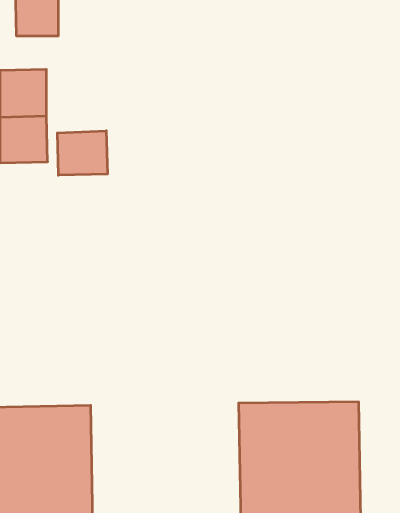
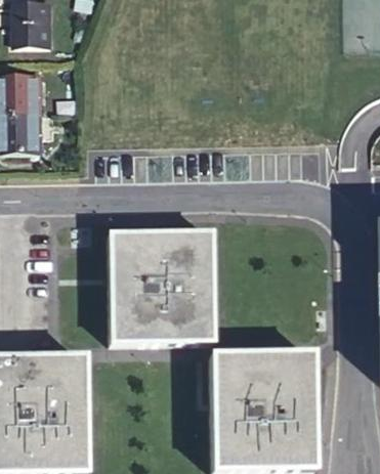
building: [57,131,107,175] -> none
building: none -> [107,228,211,340]

